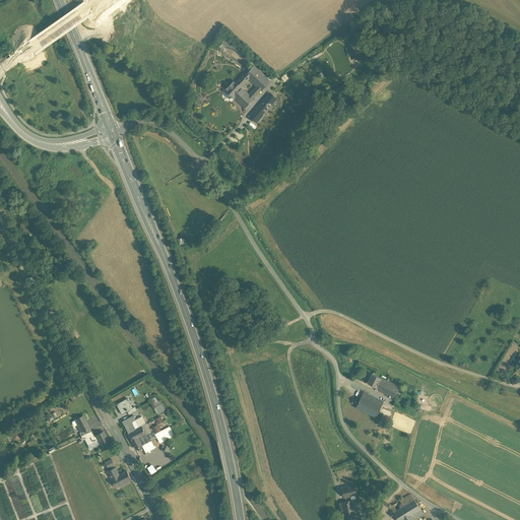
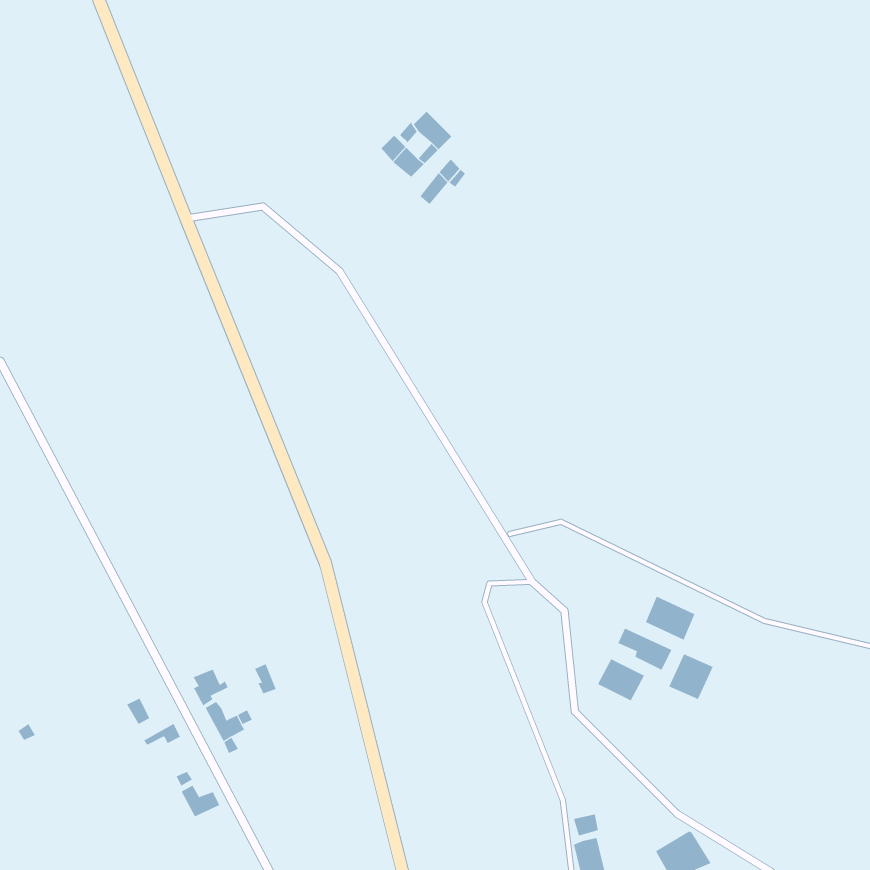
building: none -> [645,596,695,640]
building: none -> [668,653,714,700]

